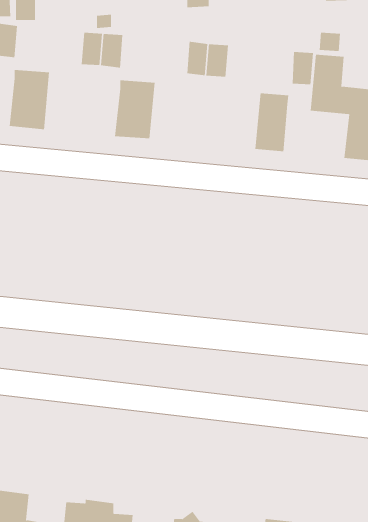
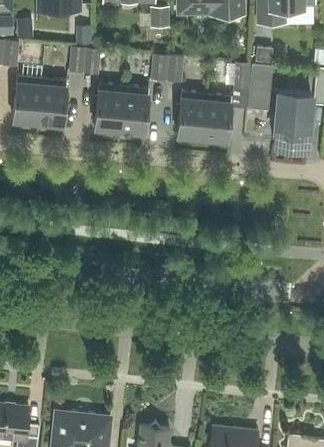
building: none -> [40,79,66,126]
building: none -> [122,87,148,134]
building: none -> [177,92,208,139]

